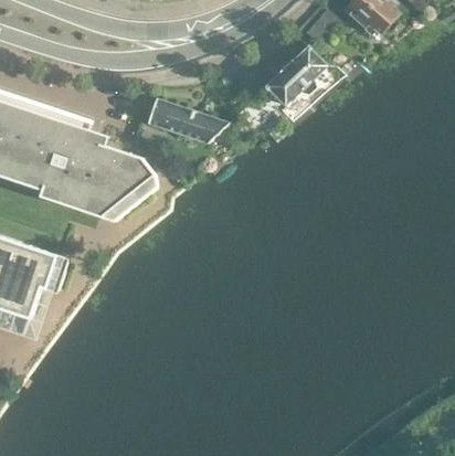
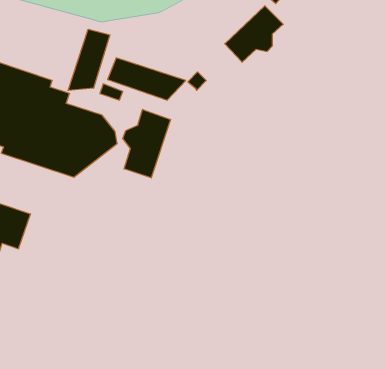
building: none -> [68,29,110,91]
building: none -> [123,109,170,178]

